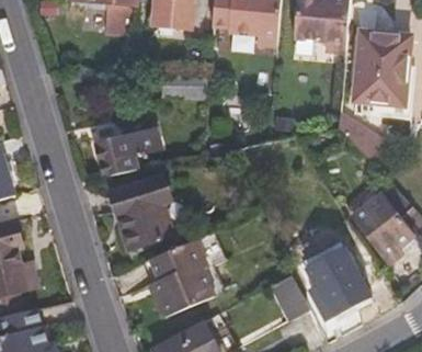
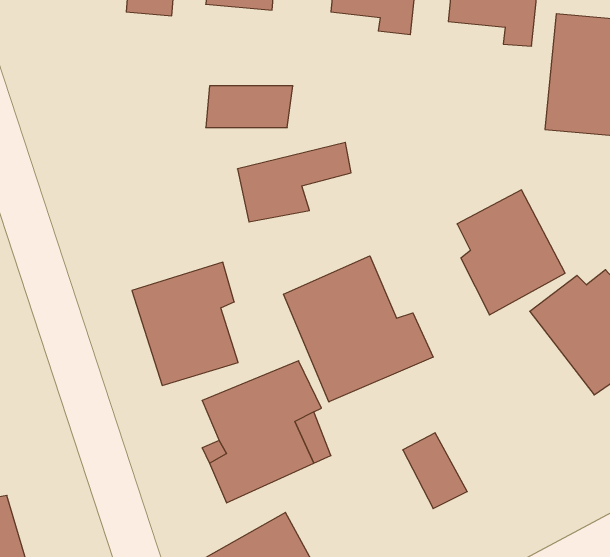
building: [96,129,162,175] -> [237,142,351,222]
building: none -> [284,256,433,402]
building: [301,246,364,318] -> [457,190,565,315]

